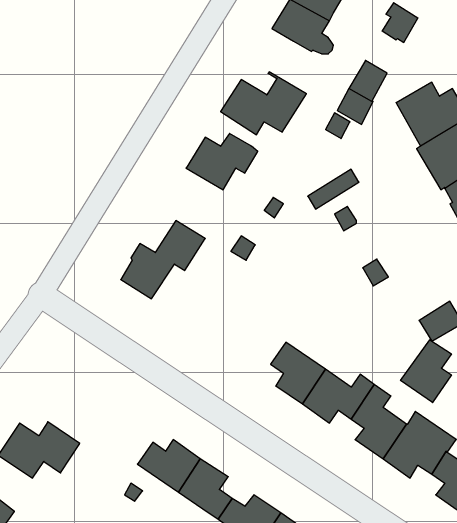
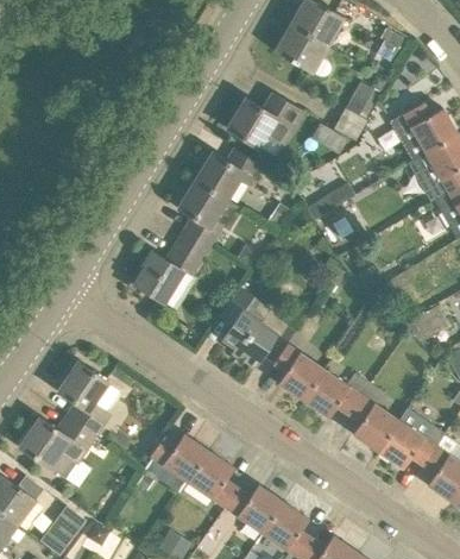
building: none -> [178,181,238,246]
building: none -> [220,284,278,366]
building: [401,340,451,403] -> none
building: none -> [58,362,121,436]

